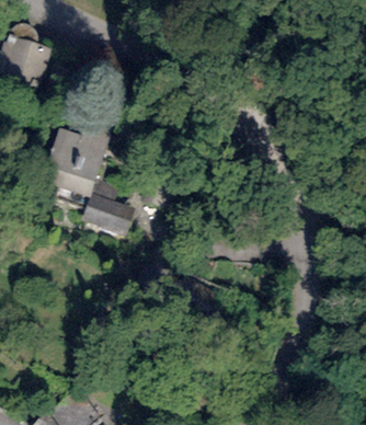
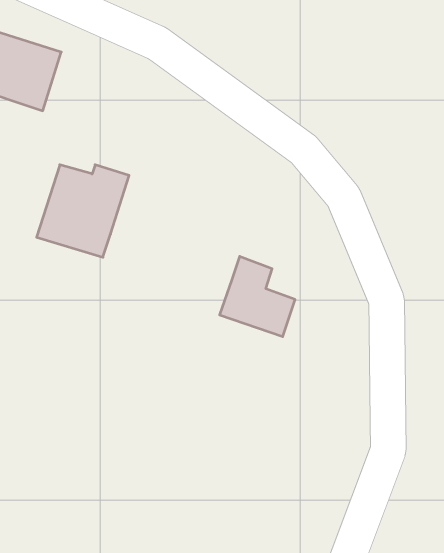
building: [80,176,134,233] -> [220,256,295,337]

